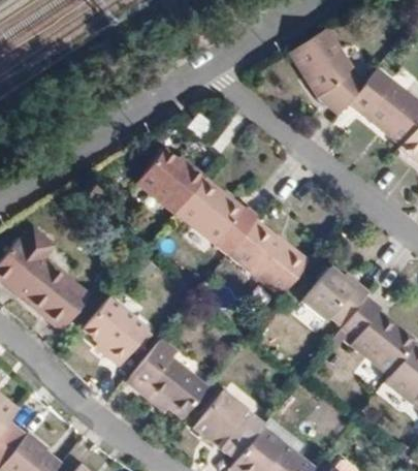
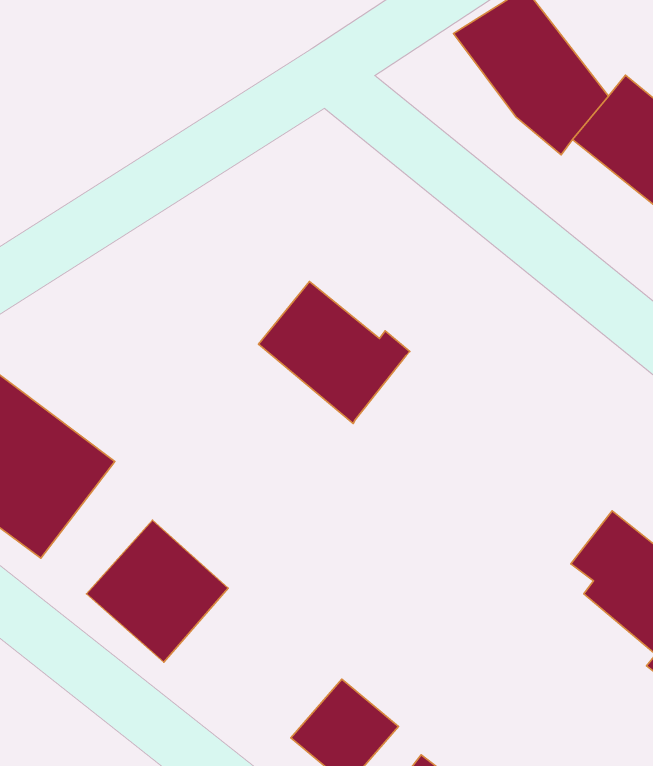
building: [138,149,203,211] -> none
building: [228,217,311,295] -> none
building: [303,269,374,331] -> none
building: [124,344,213,430] -> none

